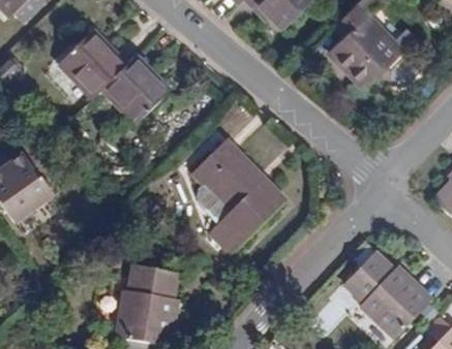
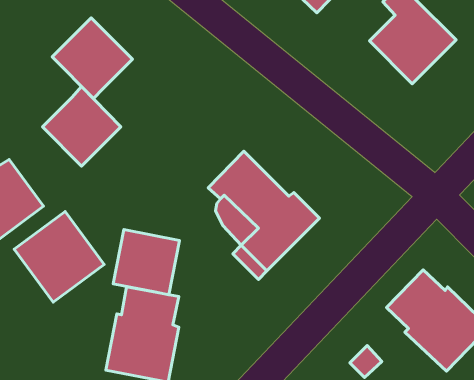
building: [106,59,172,126] -> [43,87,121,166]
building: none -> [14,212,104,302]
building: none -> [113,229,179,295]

